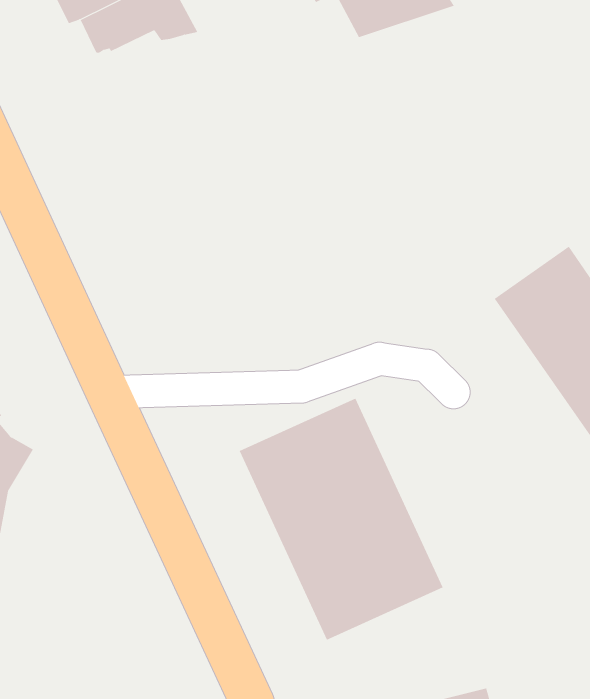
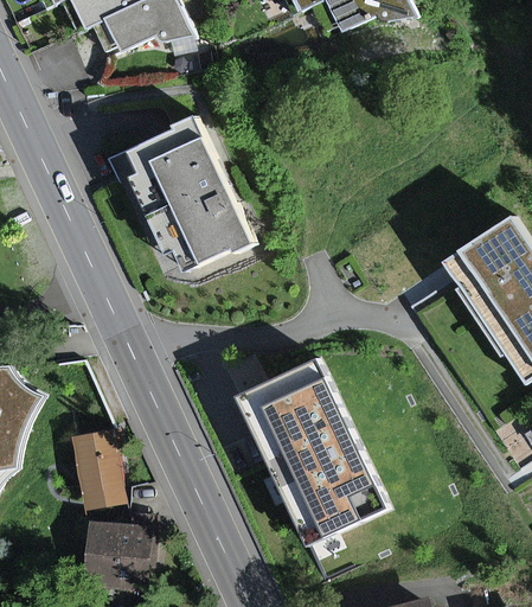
building: none -> [118,113,255,277]
building: none -> [69,430,121,511]
building: none -> [89,507,160,588]

